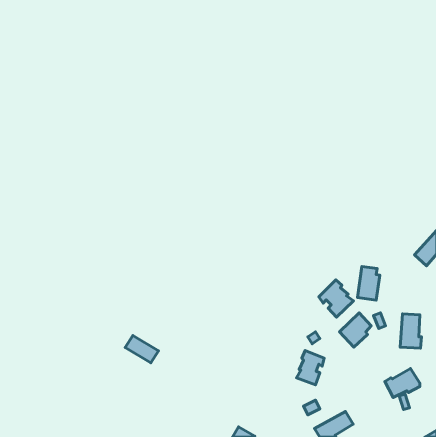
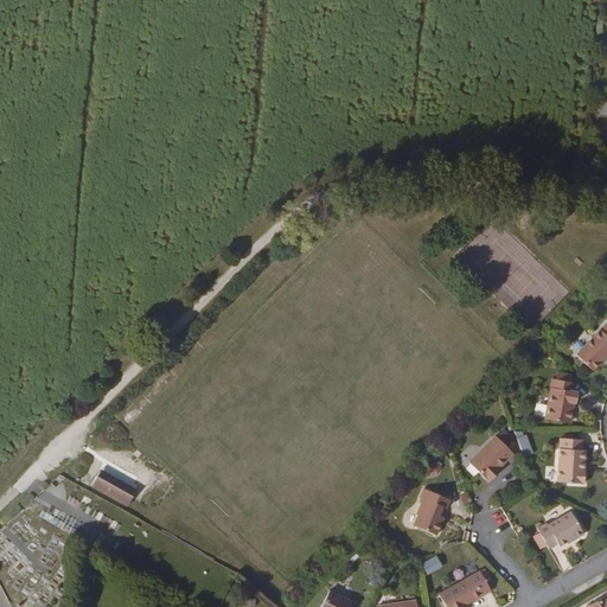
building: [358,267,380,300] -> [545,377,576,423]
building: [319,280,354,317] -> none
building: [125,336,159,363] -> [92,468,139,506]

